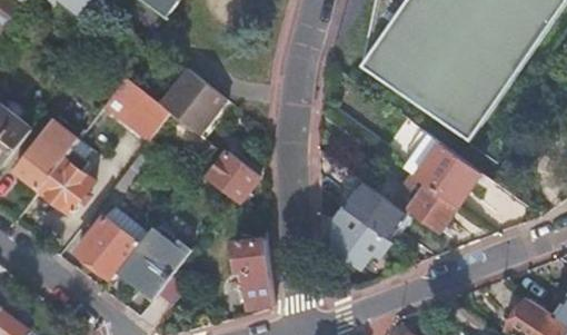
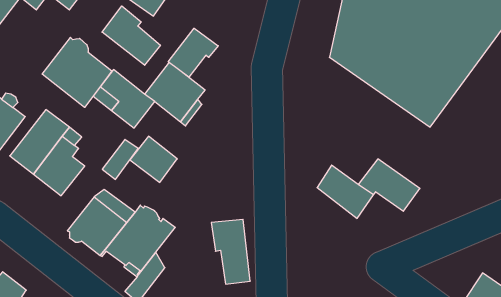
building: none -> [102,6,160,65]
building: none -> [168,28,218,77]
building: none -> [42,37,112,107]
building: [401,134,479,206] -> none
building: [206,151,257,201] -> [130,136,177,182]
building: [332,205,392,268] -> none

